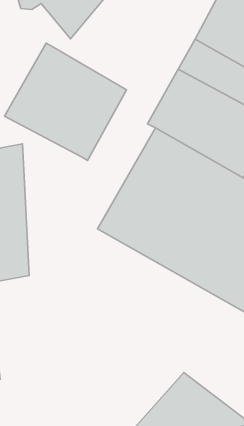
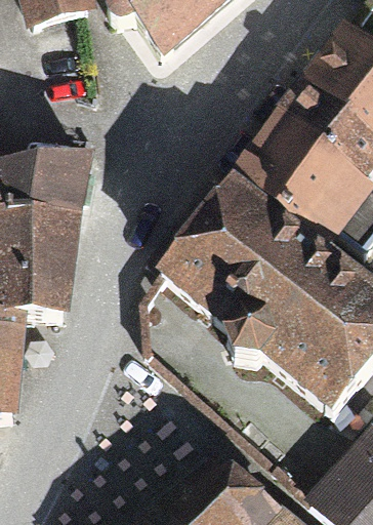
building: [5,43,127,160] -> none

